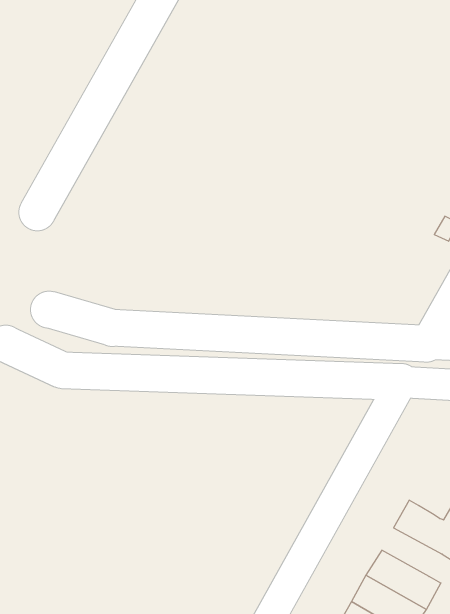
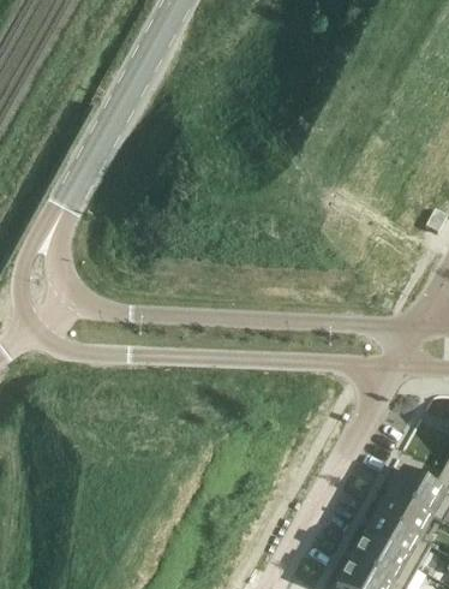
building: none -> [376,490,431,535]

